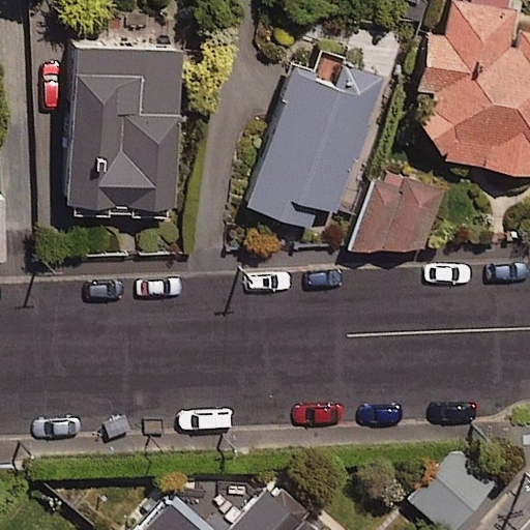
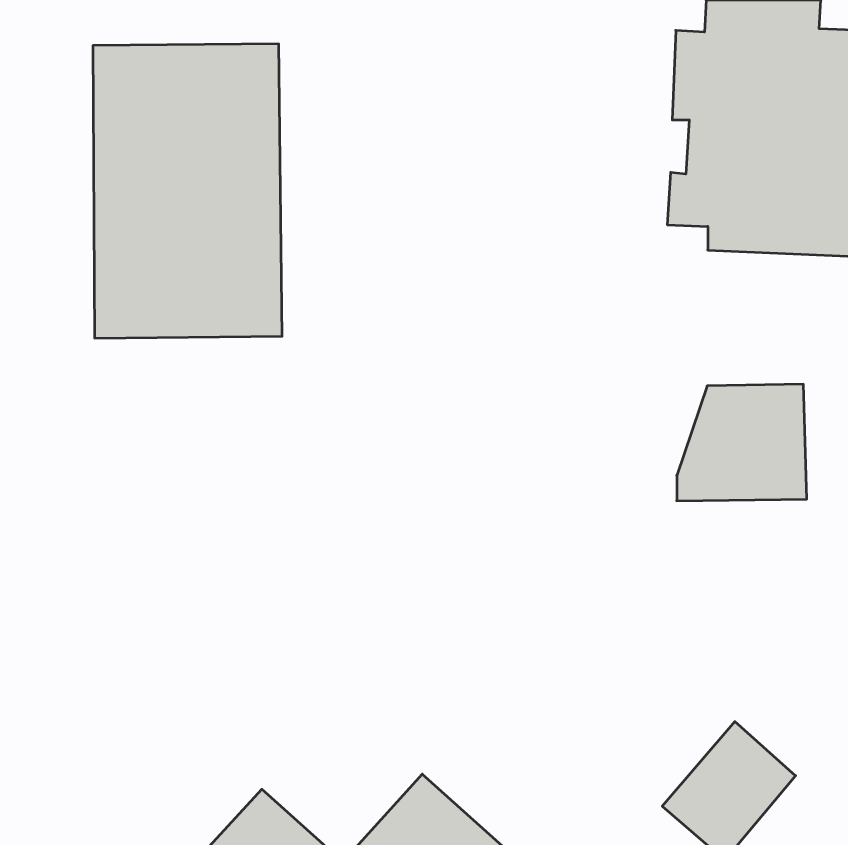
building: [247,63,381,227] -> none
building: [353,181,433,253] -> [677,384,807,501]

